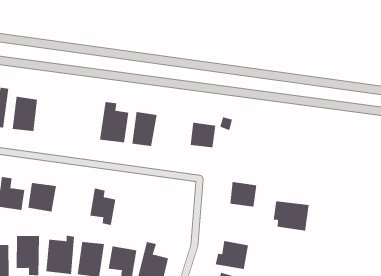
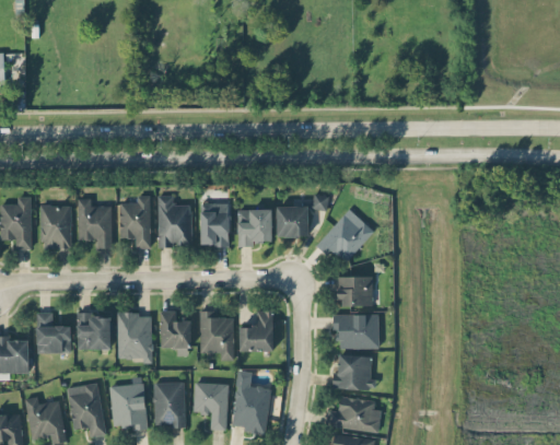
building: none -> [78,198,112,247]
building: none -> [119,196,151,248]
building: none -> [237,209,271,247]
building: none -> [316,209,373,267]
building: none -> [117,312,152,363]
building: none -> [199,311,233,361]
building: none -> [238,311,273,351]
building: [273,201,309,231] -> [334,314,378,349]

